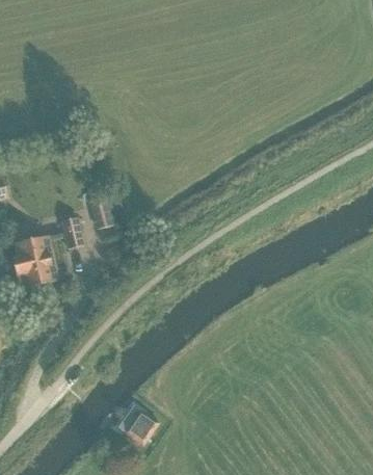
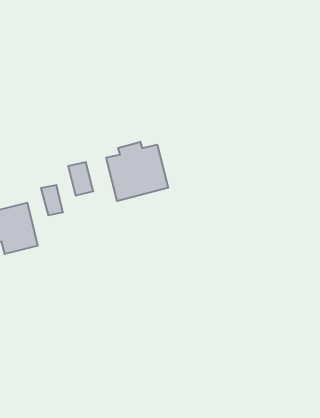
building: none -> [106,142,168,201]
building: [124,408,157,444] -> none

